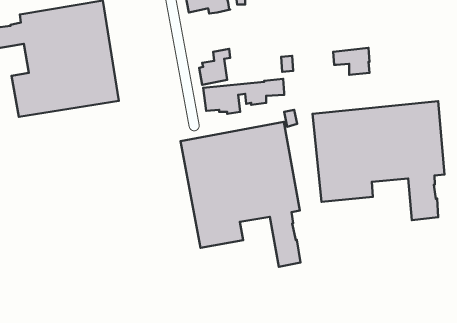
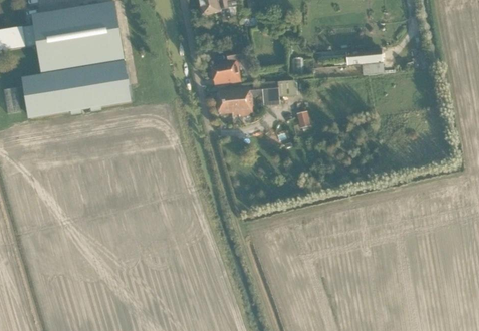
building: [313,101,444,220] -> none
building: [181,122,300,267] -> none

